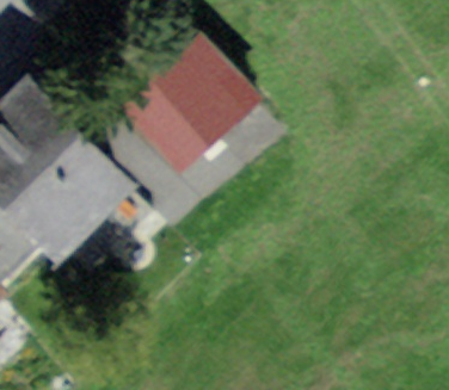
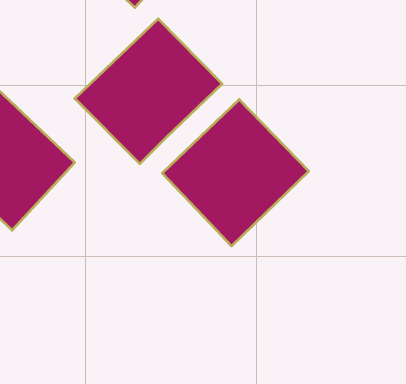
building: none -> [162,99,309,246]

